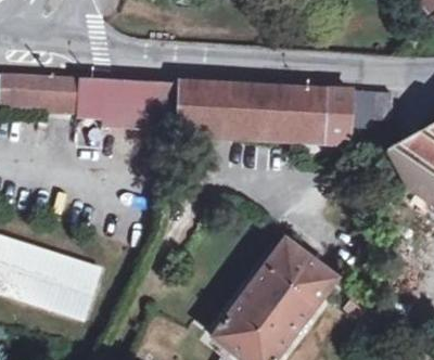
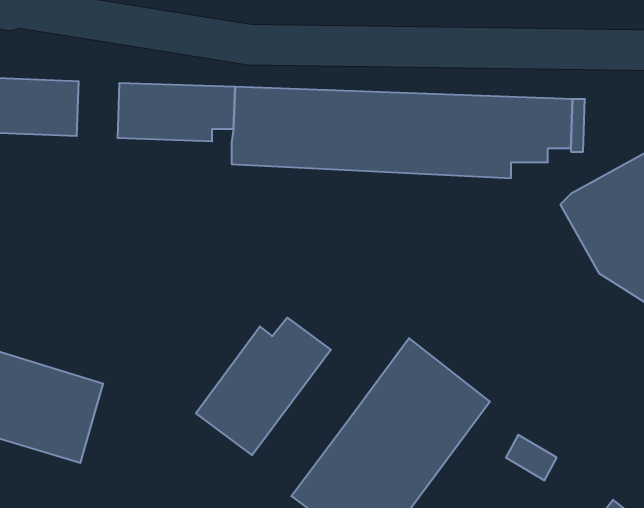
building: [82,78,108,117] -> none
building: none -> [196,318,331,455]

